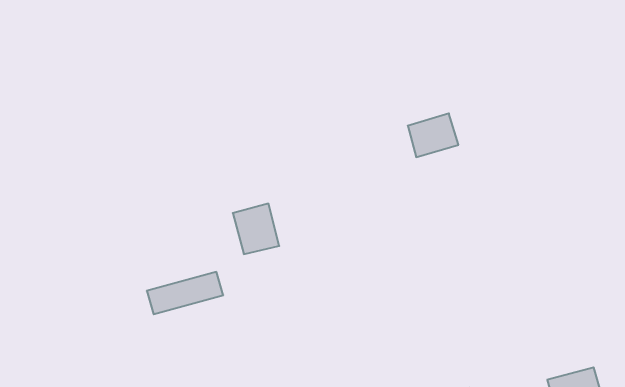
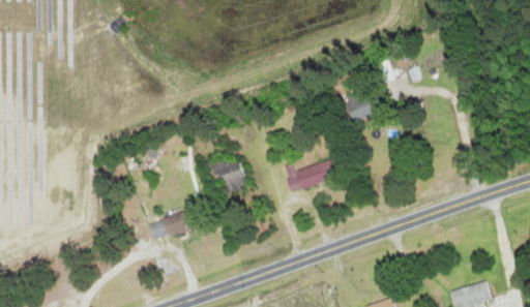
building: none -> [293,160,333,192]

